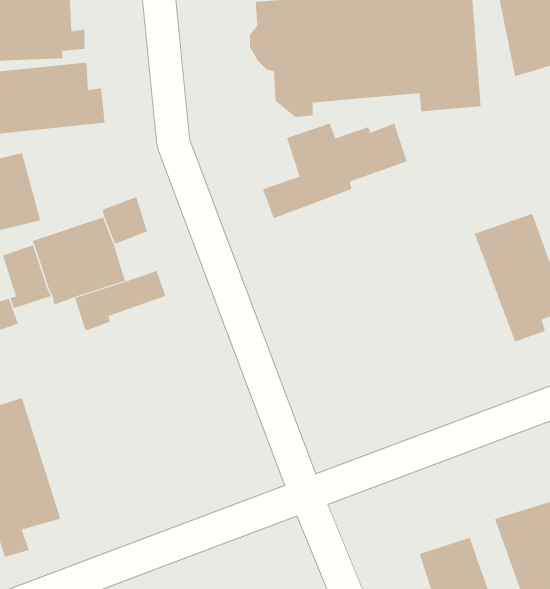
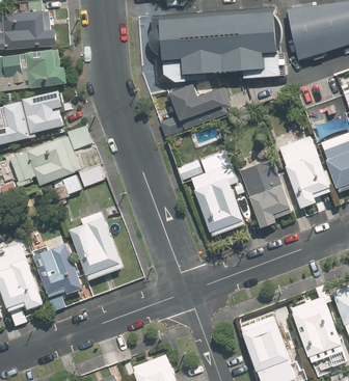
building: none -> [22,91,68,135]
building: none -> [190,140,245,237]
building: none -> [238,157,291,227]
building: none -> [68,212,122,283]
building: none -> [30,237,81,297]

